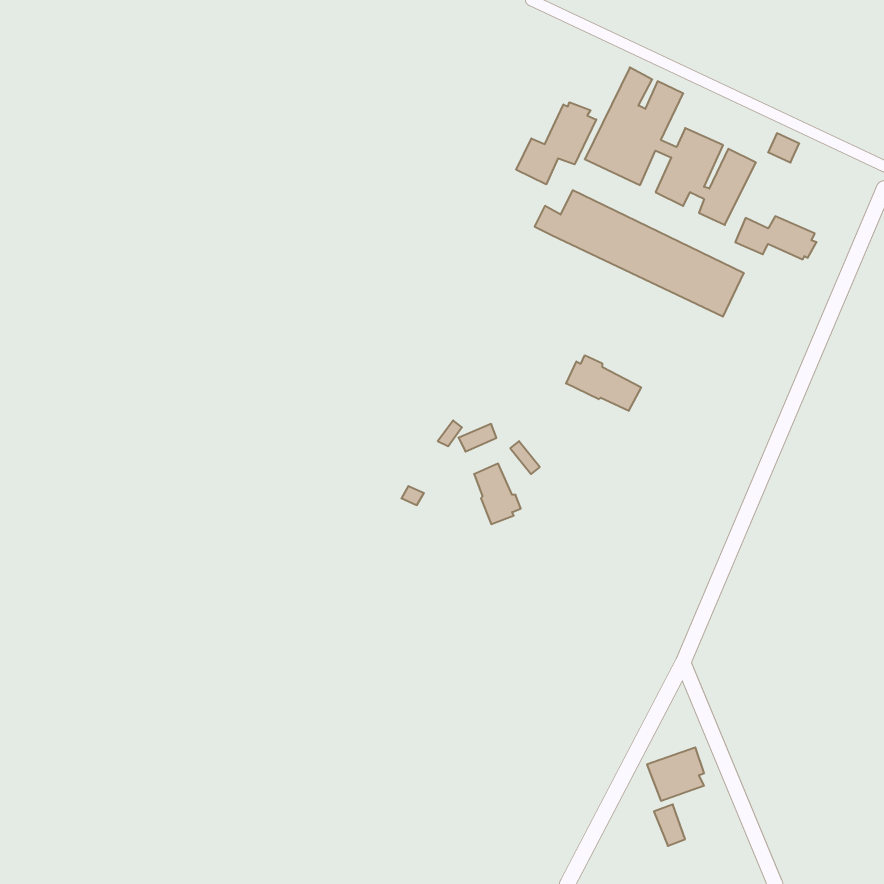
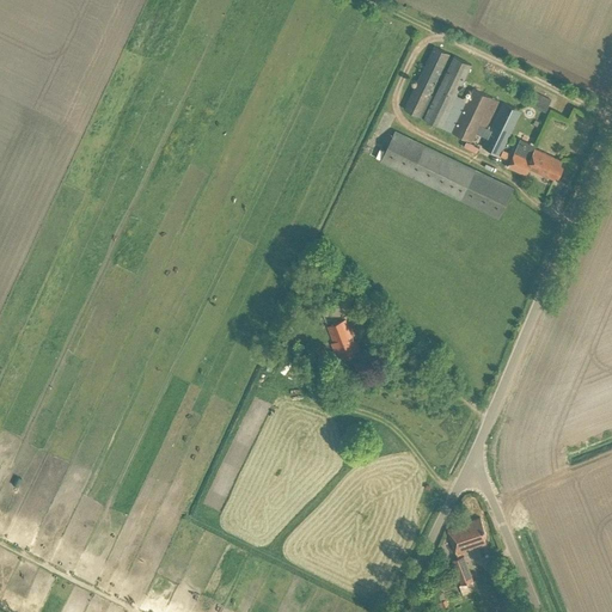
building: [516,102,596,184] -> none
building: [566,355,641,411] -> none

